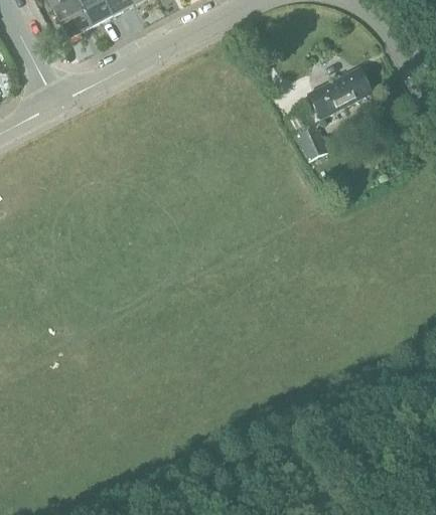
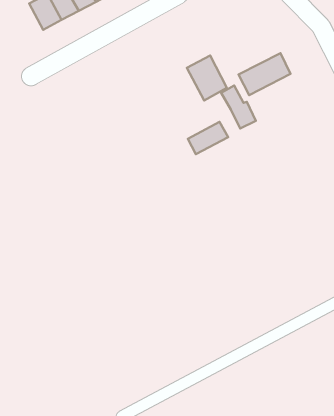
building: none -> [187,55,227,100]
building: none -> [188,122,228,154]

